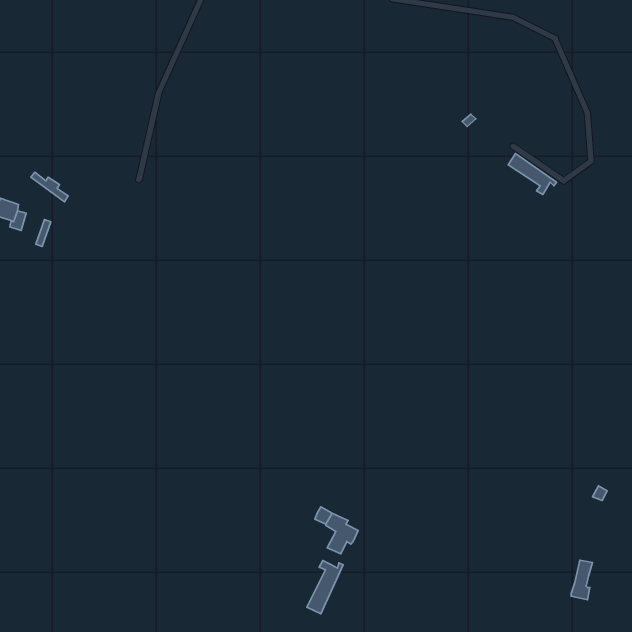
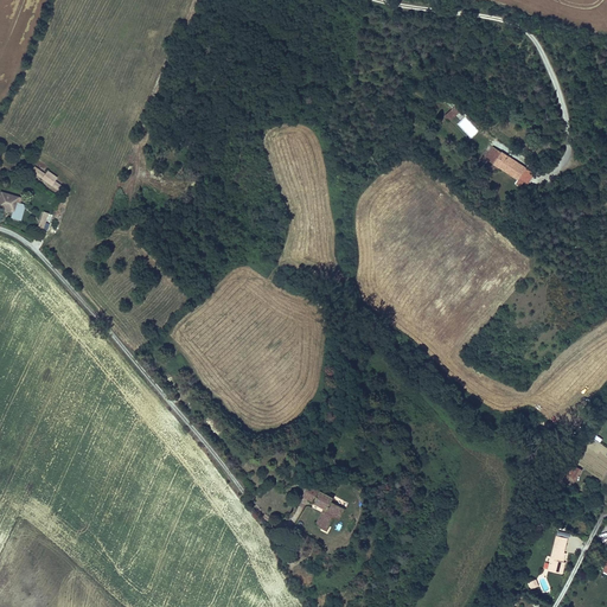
building: [307,560,343,614] -> none

